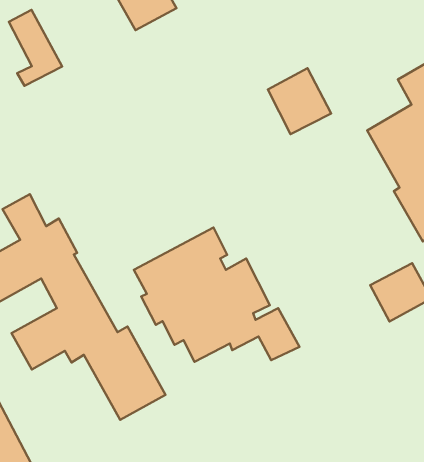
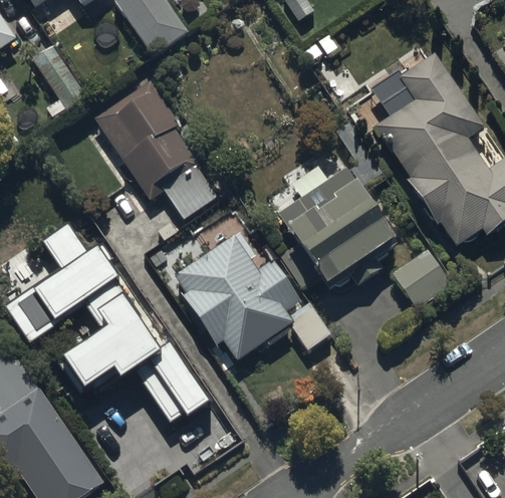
building: none -> [94,79,216,218]
building: [268,68,331,134] -> none
building: none -> [277,167,397,290]

